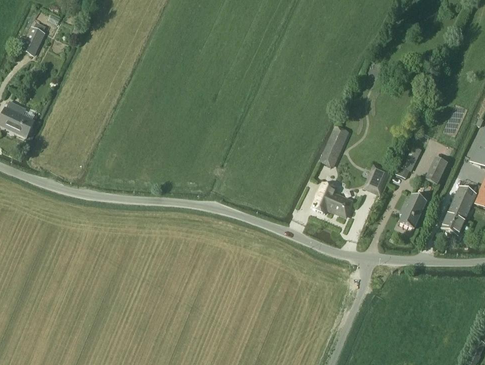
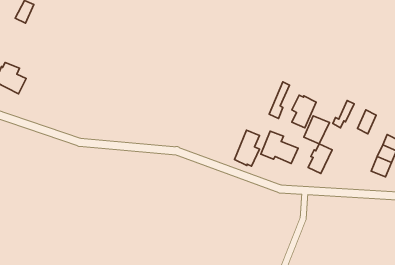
building: none -> [292,95,316,128]
building: none -> [234,130,260,166]
building: [400,193,428,228] -> [308,144,332,174]

